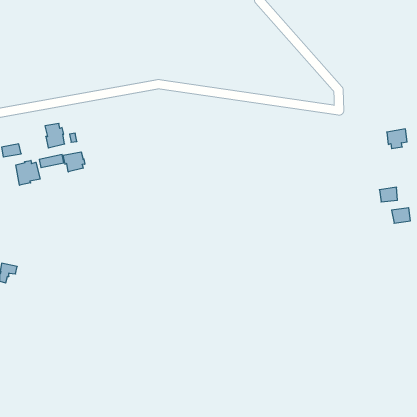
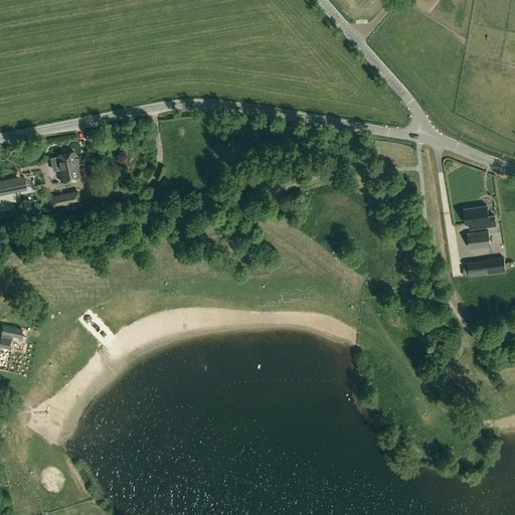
building: [387,129,407,149] -> [463,206,488,230]
building: [63,152,85,172] -> none
building: [16,160,40,185] -> none

